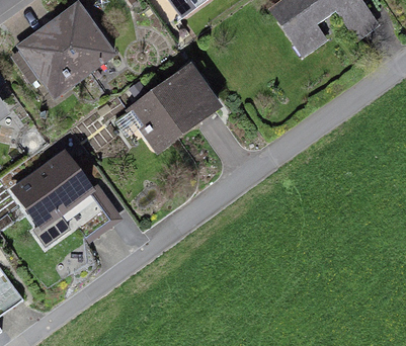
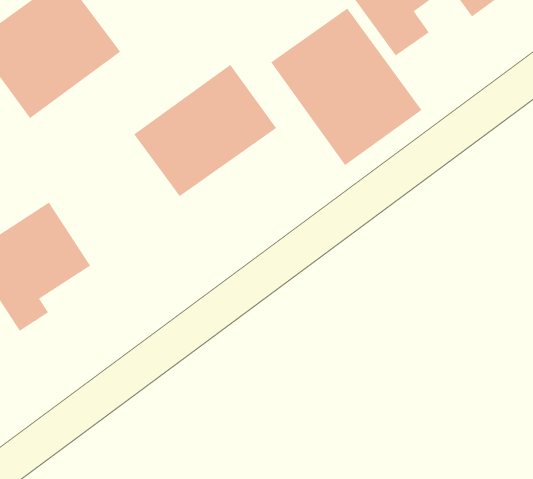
building: none -> [270,8,422,166]

